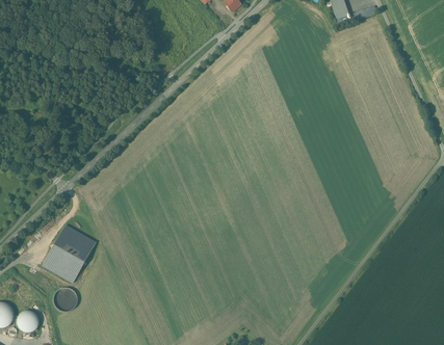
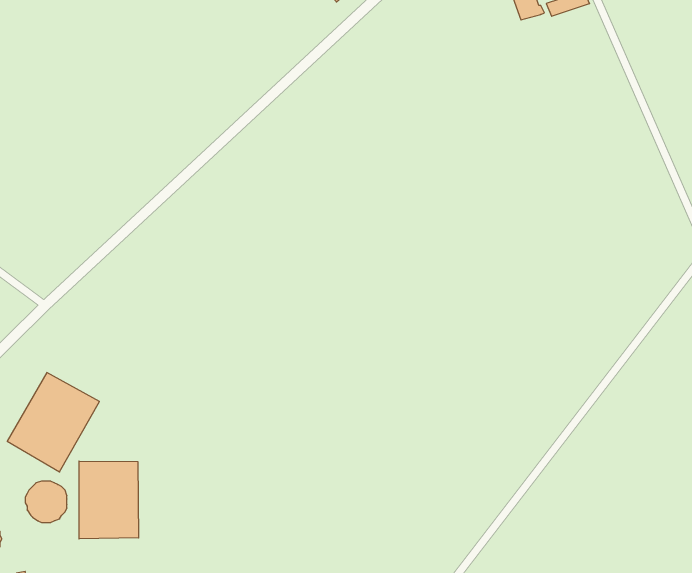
building: none -> [79,461,139,539]

